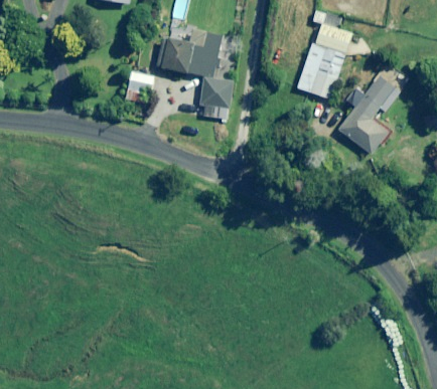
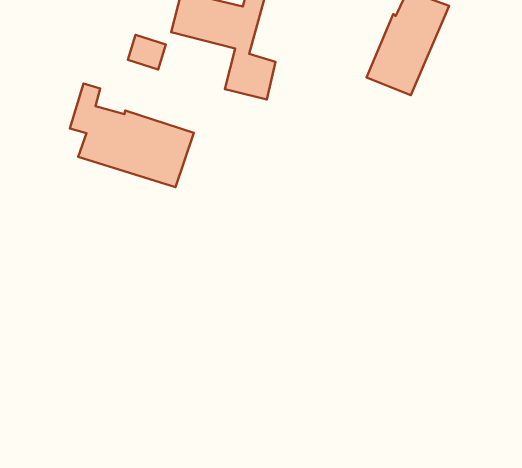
building: [339,77,400,154] -> none
building: none -> [70,84,194,187]

